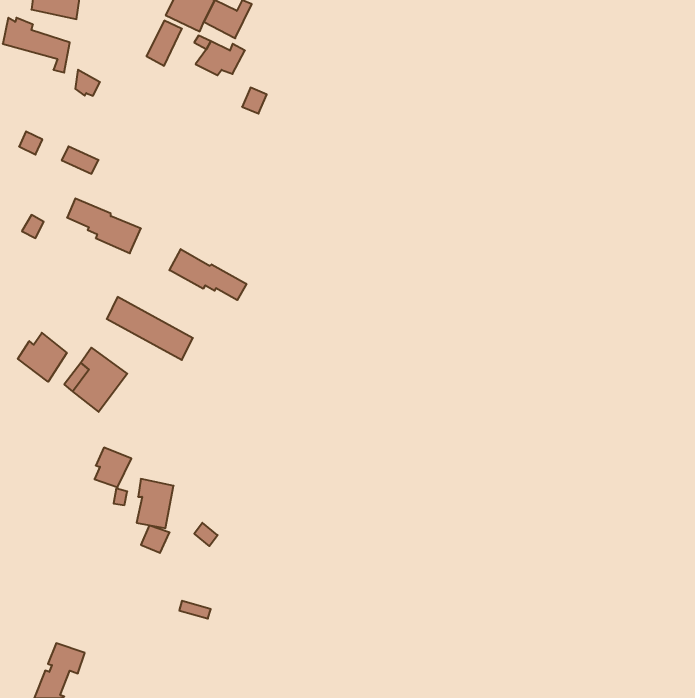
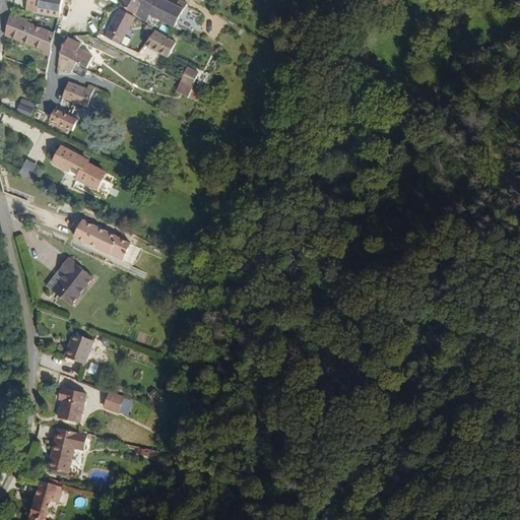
building: none -> [58,36,90,65]
building: none -> [59,82,92,108]
building: [169,249,246,300] -> none
building: [18,333,67,382] -> none
building: [137,479,174,528] -> [57,384,84,420]
building: none -> [53,426,91,471]

